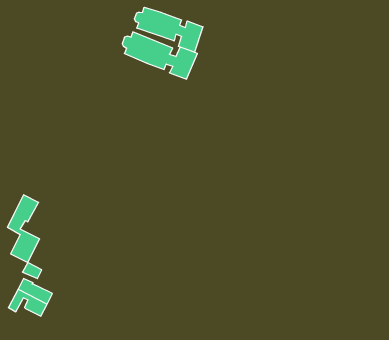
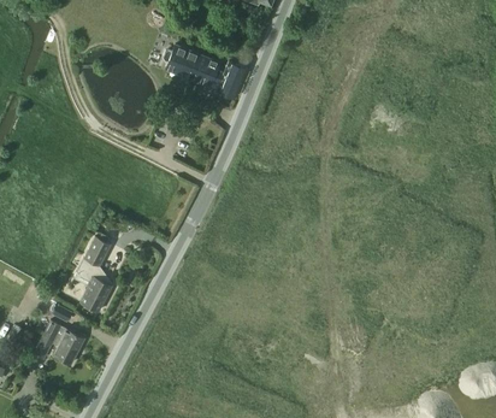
building: [134,7,203,52] -> none
building: [7,195,40,262] -> [76,236,112,312]

